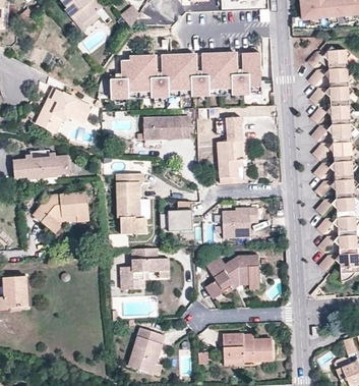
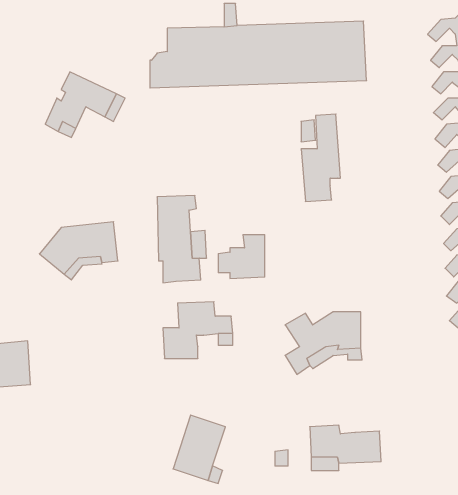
building: [141,116,188,139] -> none
building: [12,149,68,178] -> none
building: [222,208,257,238] -> none

